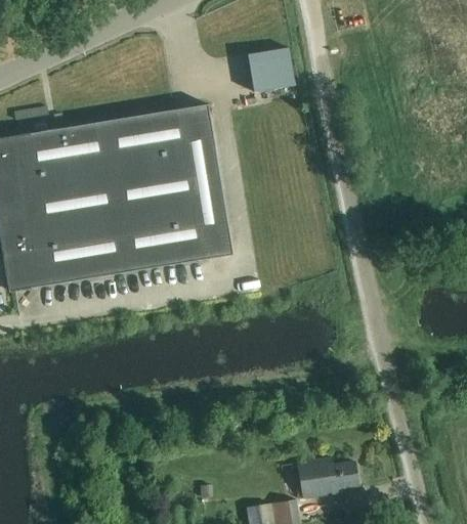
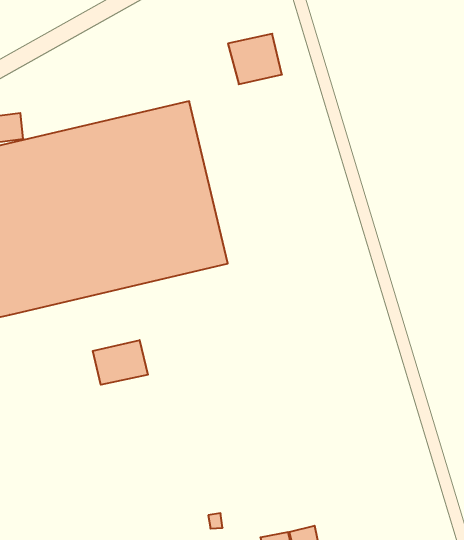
building: none -> [93,340,148,385]
building: [297,457,359,498] -> none

